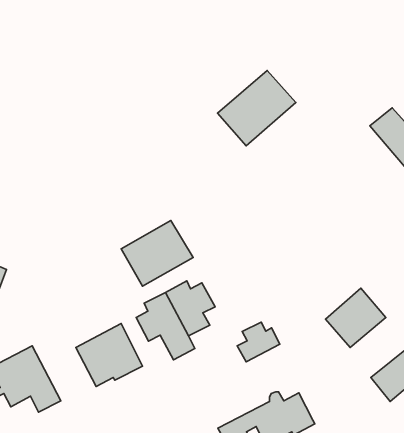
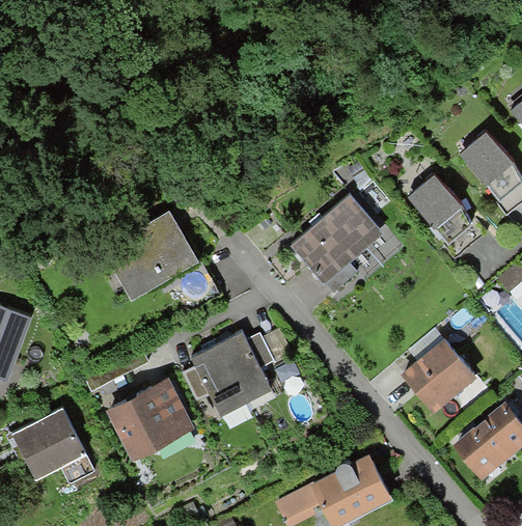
building: [218,71,296,146] -> [289,196,380,284]
building: none -> [406,172,474,242]
building: [121,220,193,286] -> [108,214,192,290]
building: [237,322,280,362] -> none

